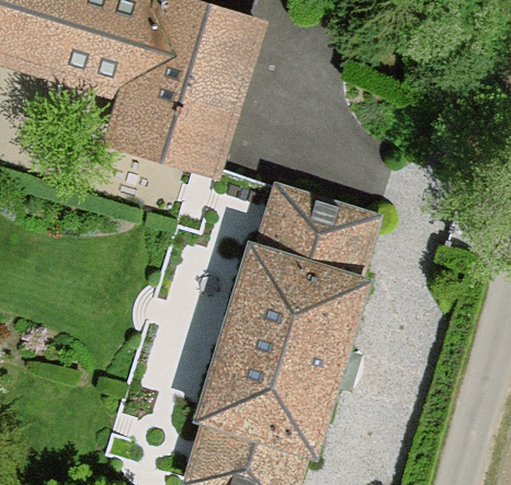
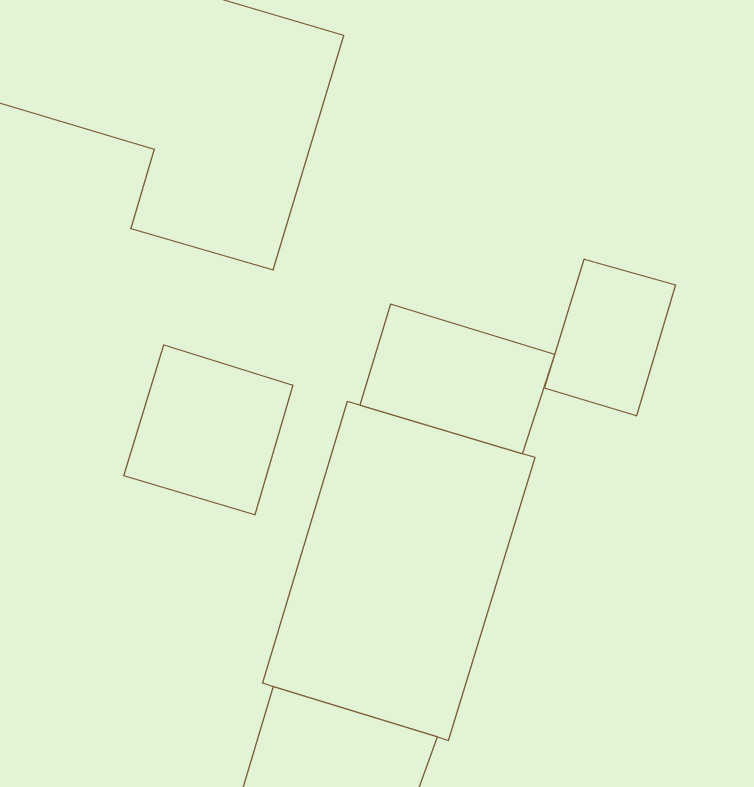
building: none -> [545,259,676,416]
building: none -> [124,345,293,515]

